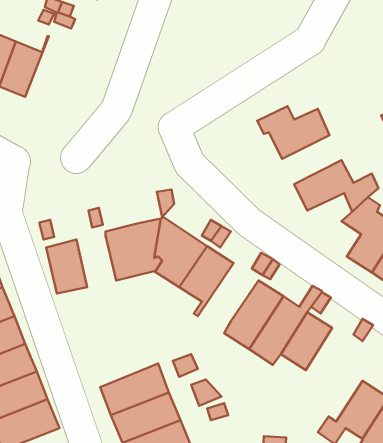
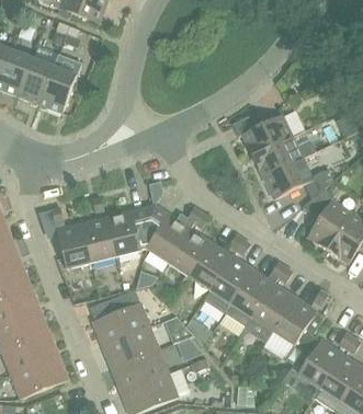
building: none -> [38,53,80,113]
building: none -> [252,135,310,175]
building: none -> [81,215,114,261]
building: none -> [182,241,232,289]
building: none -> [272,295,324,349]
building: none -> [91,300,149,344]

